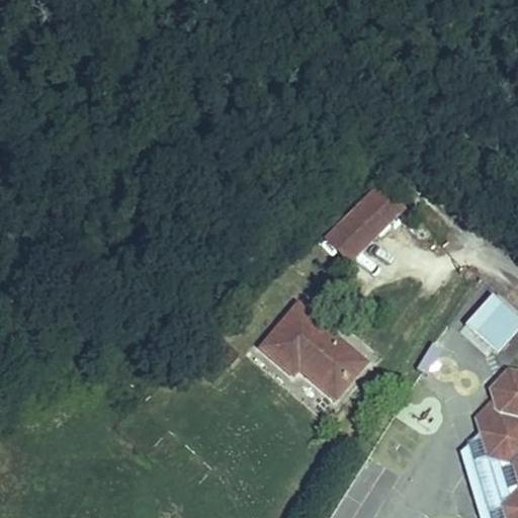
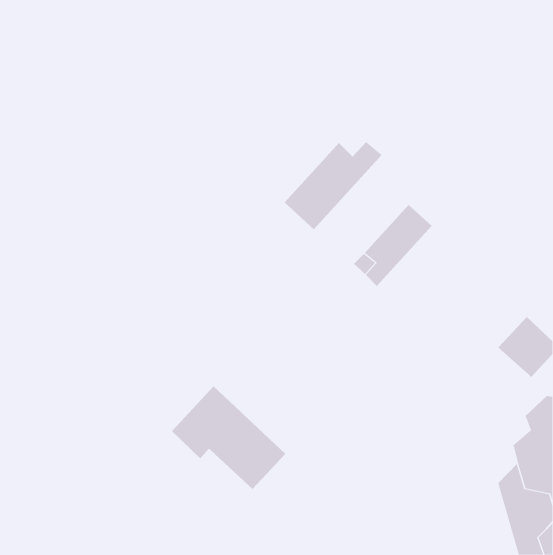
building: none -> [284,141,383,230]
building: [260,297,367,395] -> [171,386,286,490]

